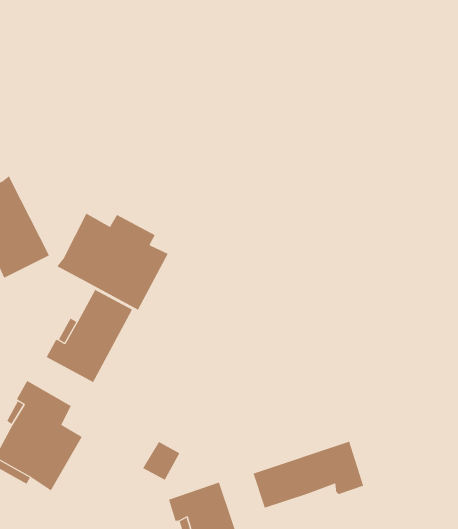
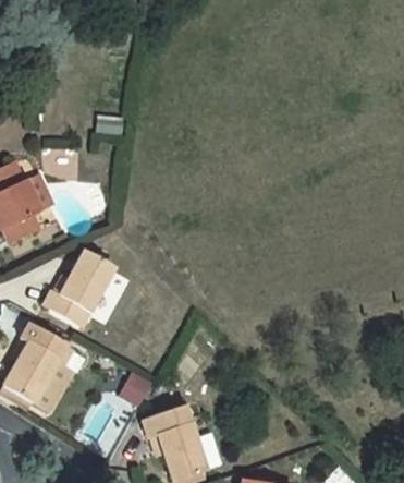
building: [56,213,168,310] -> none
building: [253,441,364,509] -> none

